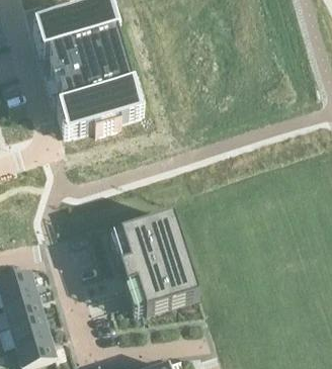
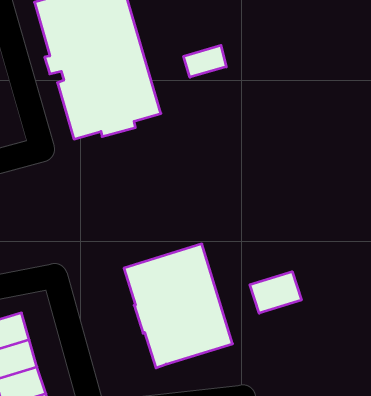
building: none -> [184,45,226,77]
building: none -> [250,272,301,313]

